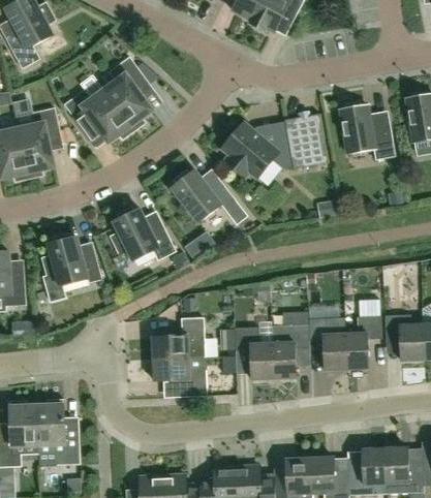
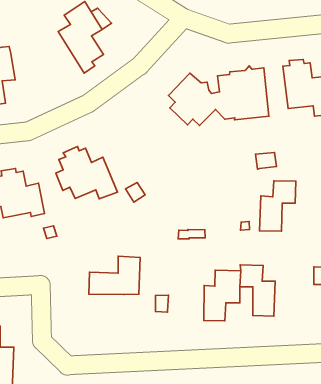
building: [63,89,131,148] -> none
building: [170,169,246,224] -> none
building: [344,315,380,369] -> [260,181,296,231]
building: [234,326,273,379] -> none
building: [152,355,206,396] -> none

